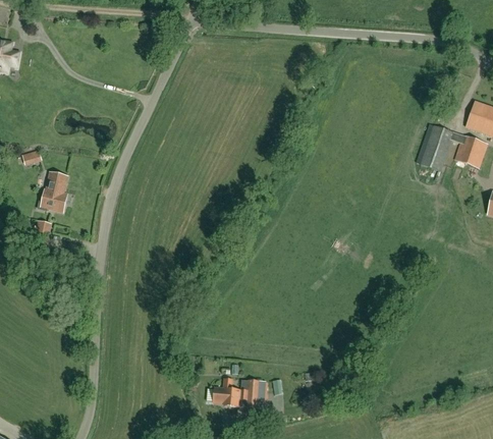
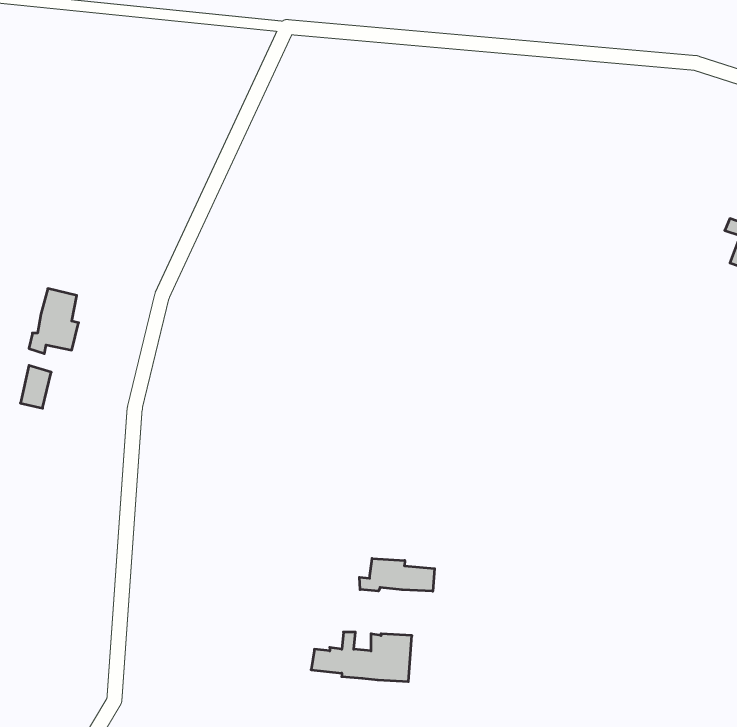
building: [420,124,454,170] -> none
building: none -> [359,558,435,591]

